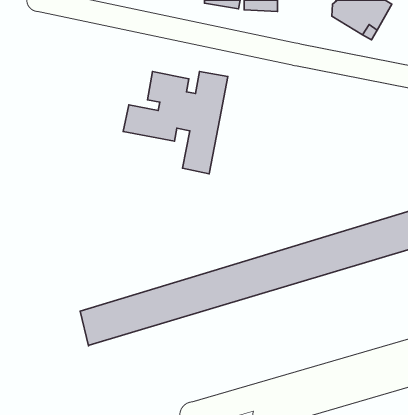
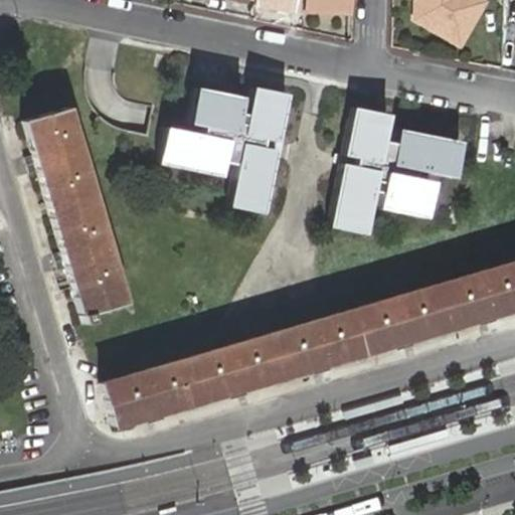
building: none -> [335,107,466,230]
building: none -> [28,111,133,326]

